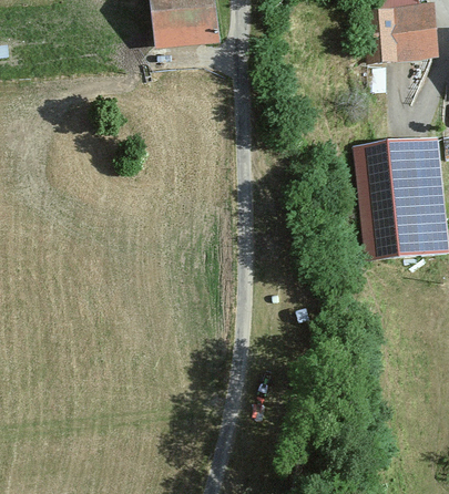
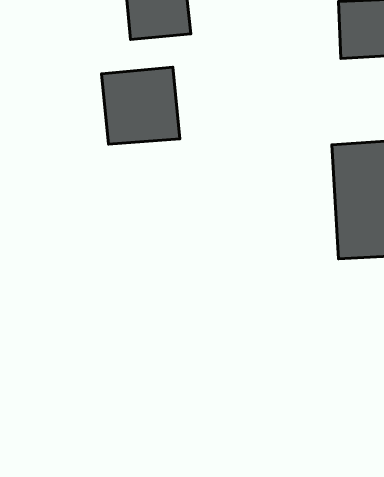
building: none -> [102,67,180,144]

